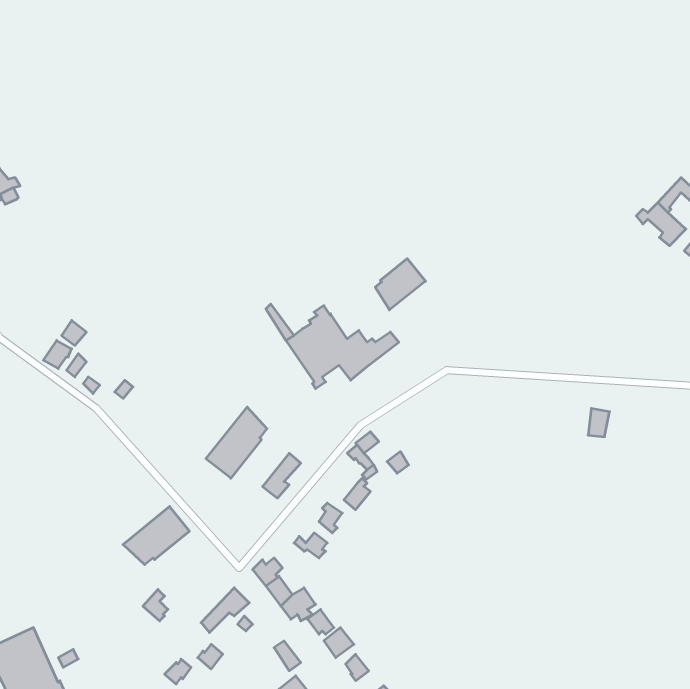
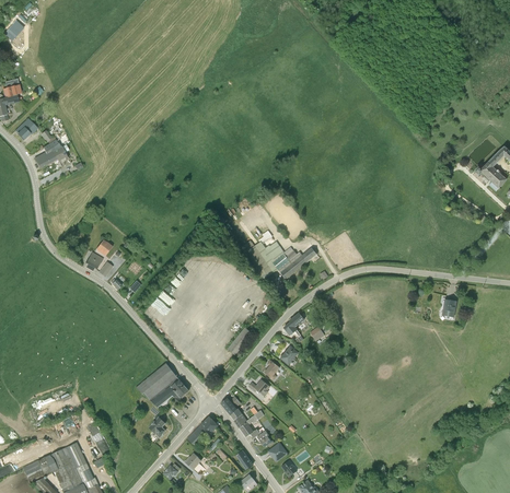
building: [375,259,426,310] -> none
building: [206,407,267,478] -> none
building: none -> [151,378,189,409]

